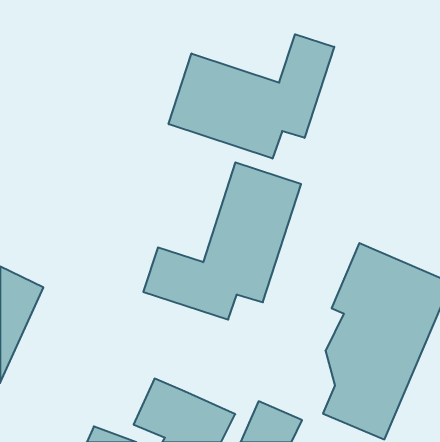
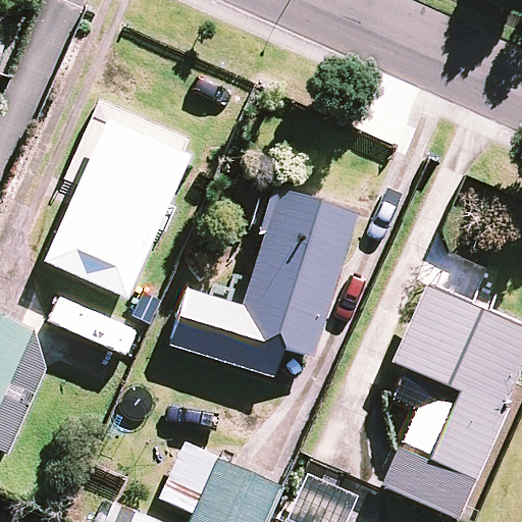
building: [169,34,334,159] -> none
building: none -> [46,119,190,297]

